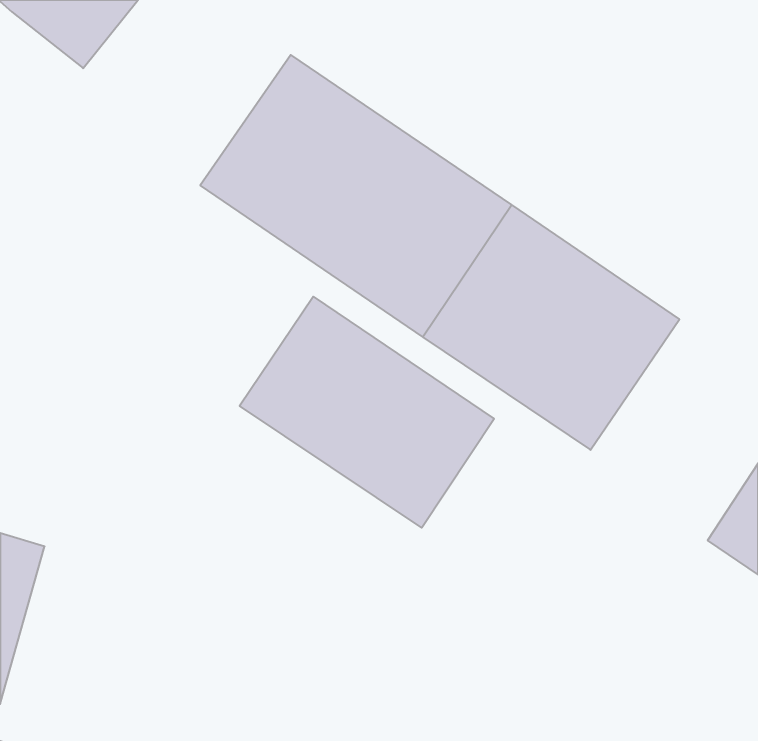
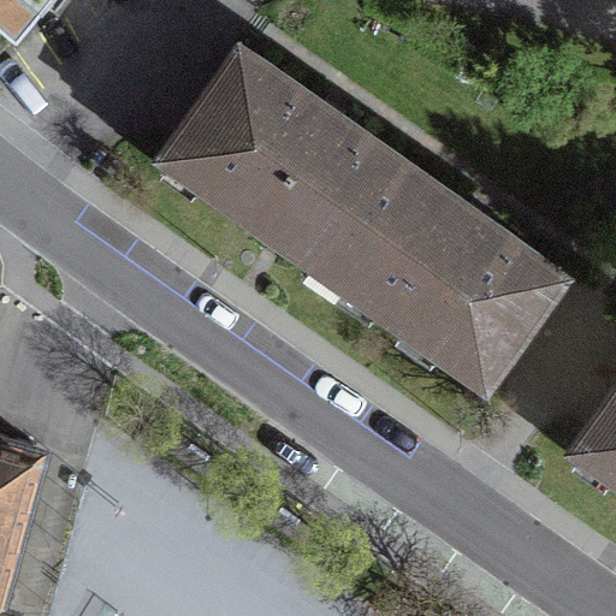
building: [240,297,494,528] -> none

